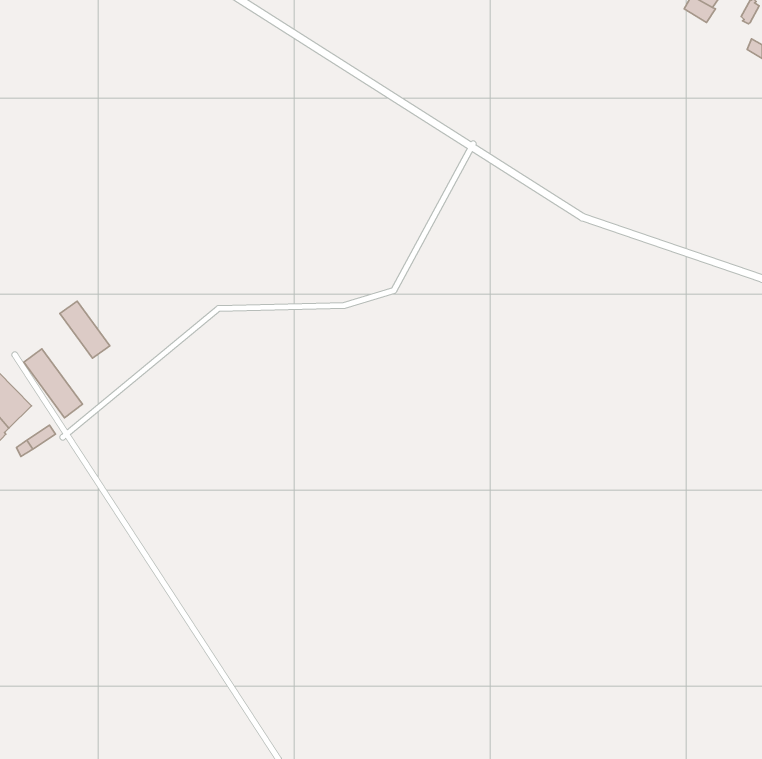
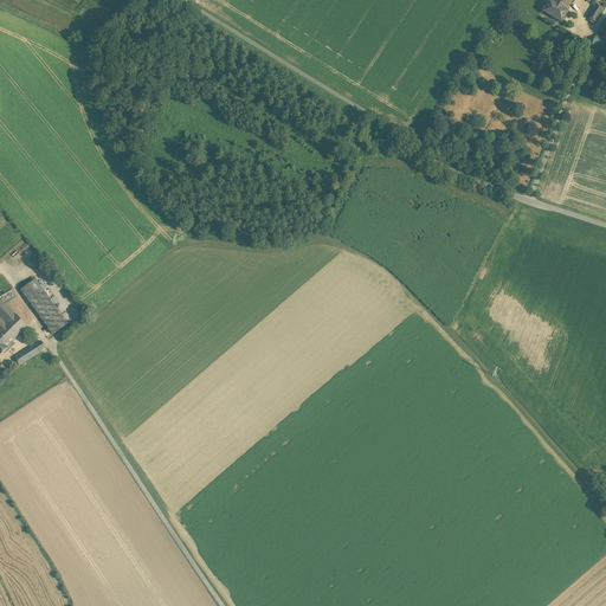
building: [60,301,110,358] -> none

